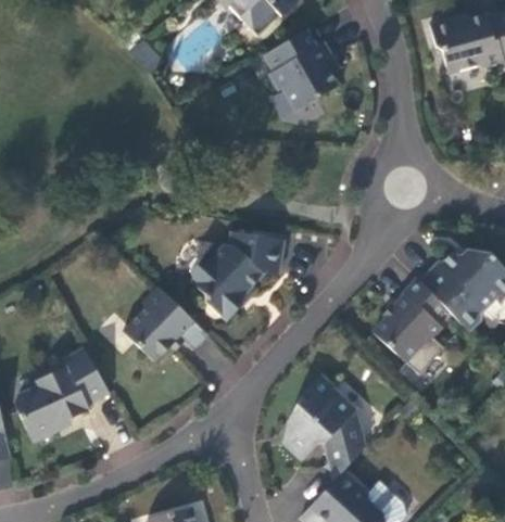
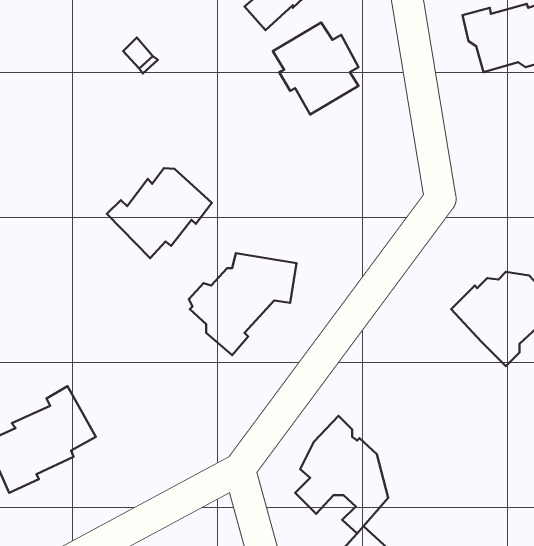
building: none -> [107,168,212,258]
building: [374,277,446,373] -> none
building: [123,285,209,361] -> none

